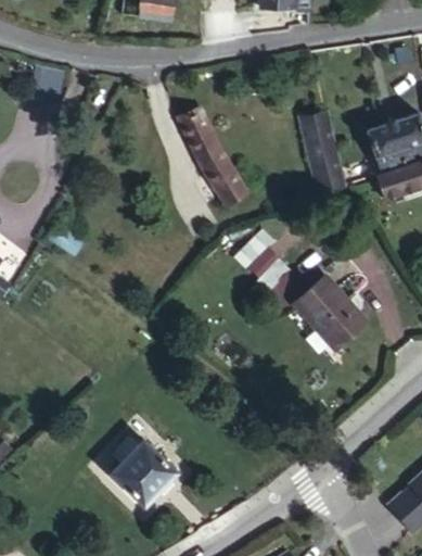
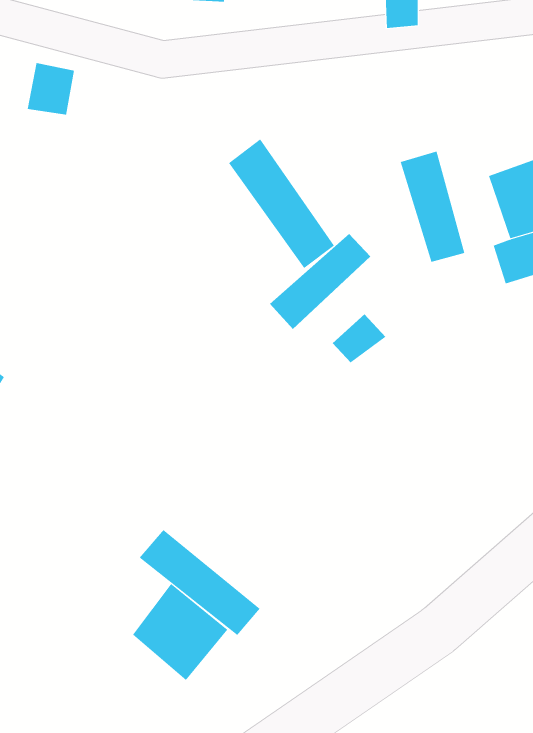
building: none -> [269,233,371,330]
building: [294,269,368,344] -> none
building: none -> [139,529,260,636]

